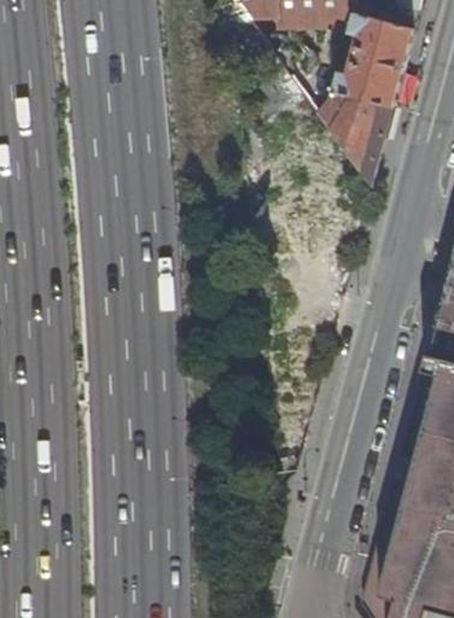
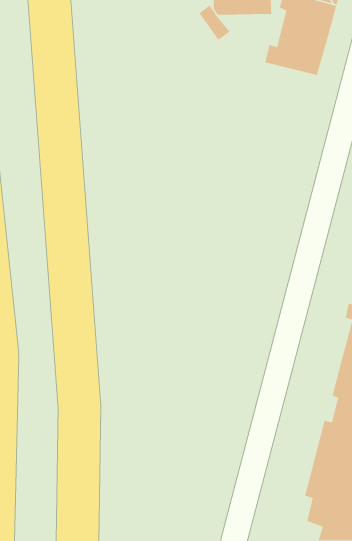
building: [318,84,394,179] -> none

